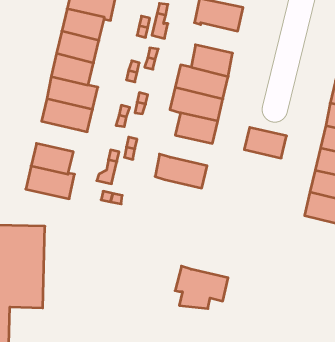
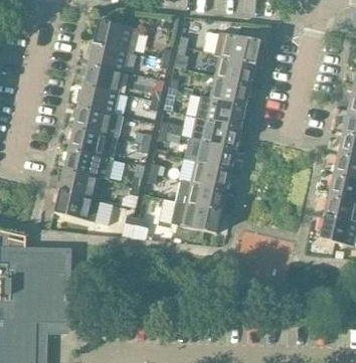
building: none -> [213,55,253,84]
building: none -> [62,149,103,178]
building: [244,127,287,158] -> [189,162,229,191]
building: [175,266,228,309] -> [169,201,219,241]

